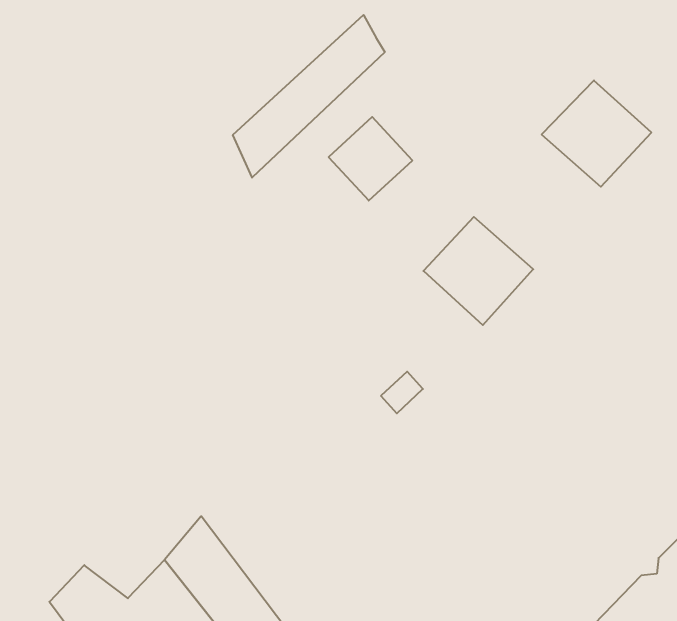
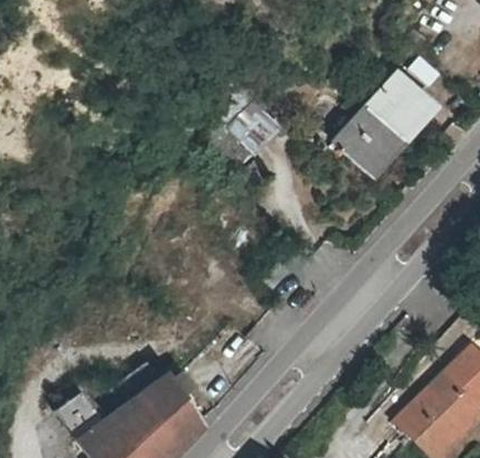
building: [233,15,385,178] -> none
building: [423,217,533,325] -> [335,111,405,180]

